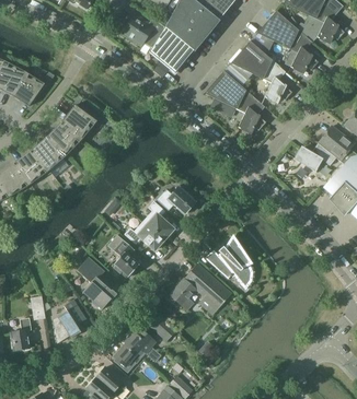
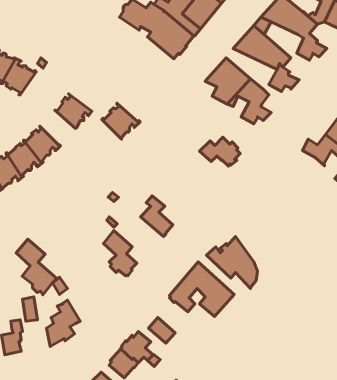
building: [47,120,83,154] -> [102,103,140,139]
building: [157,187,195,214] -> [200,137,240,166]
building: [124,221,164,250] -> none
building: [77,257,115,309] -> [16,239,57,295]

